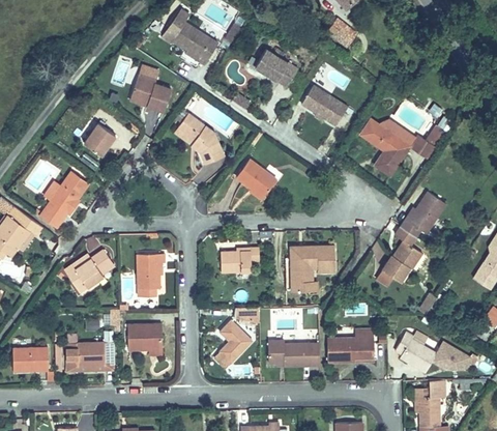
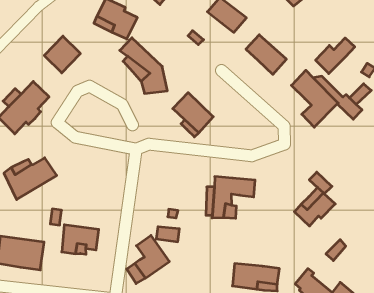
building: none -> [316,38,355,74]
building: [399,192,450,239] -> none
building: [218,245,261,272] -> none
building: [143,251,170,293] -> none
building: [266,336,318,367] -> none

